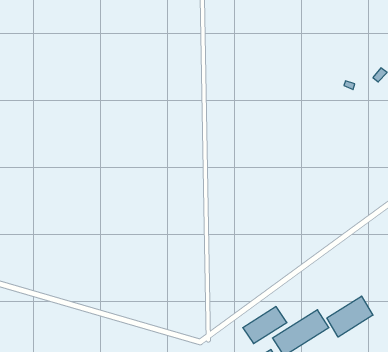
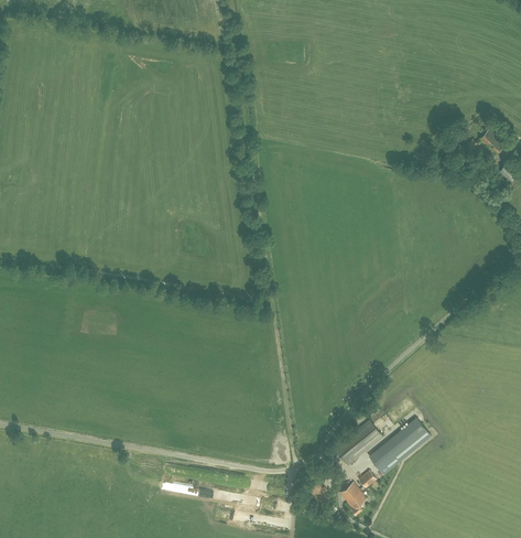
building: [327,296,373,337] -> none

